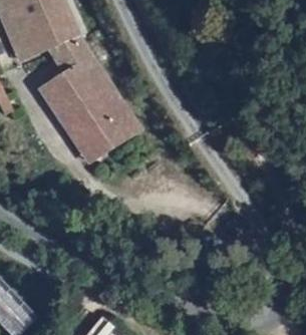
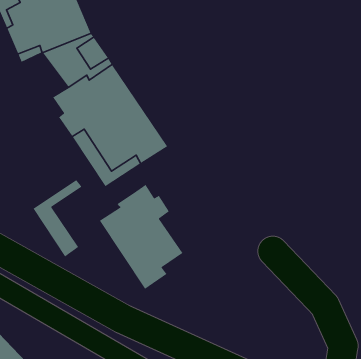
building: none -> [32,179,82,257]
building: none -> [99,184,183,290]

